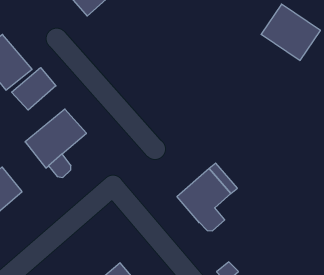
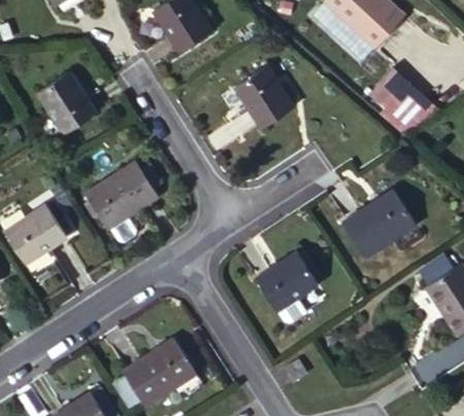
building: none -> [233,71,289,130]
building: [12,68,56,110] -> none
building: none -> [339,186,412,254]

